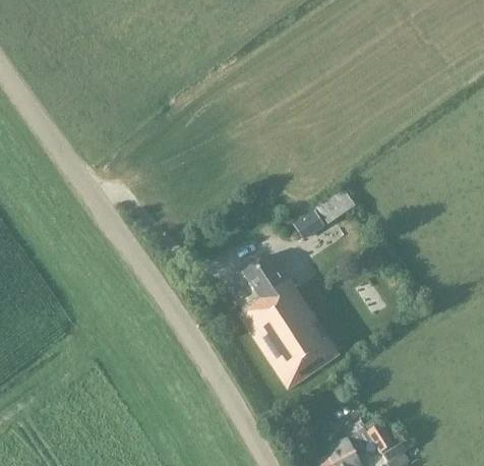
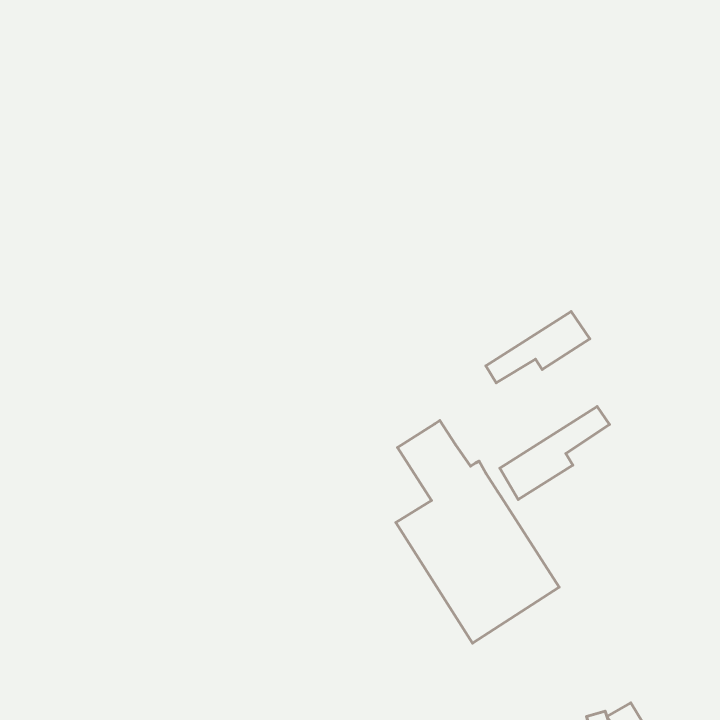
building: none -> [500,406,609,500]

